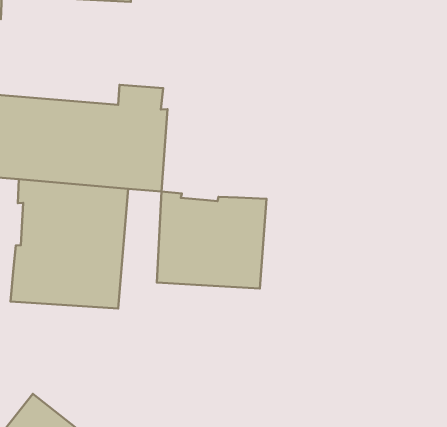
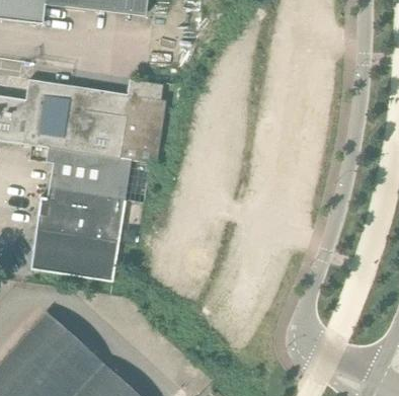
building: [157,192,267,288] -> none
building: none -> [30,240,116,281]

